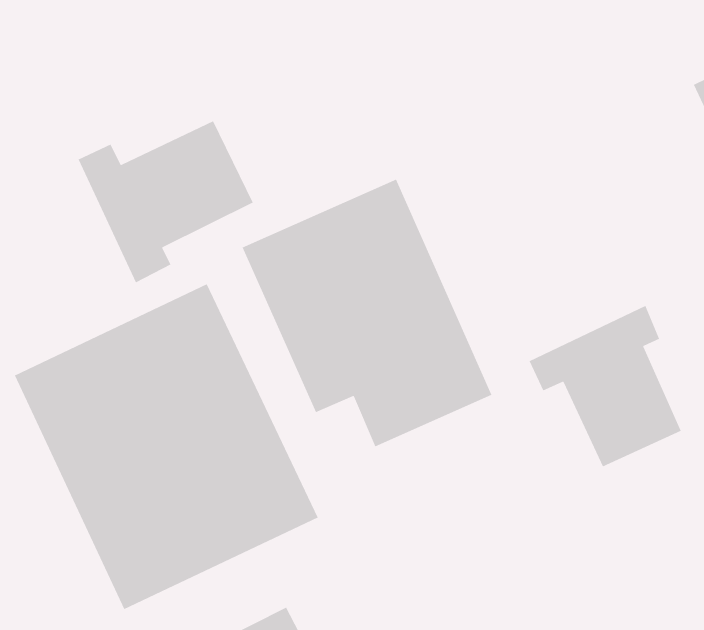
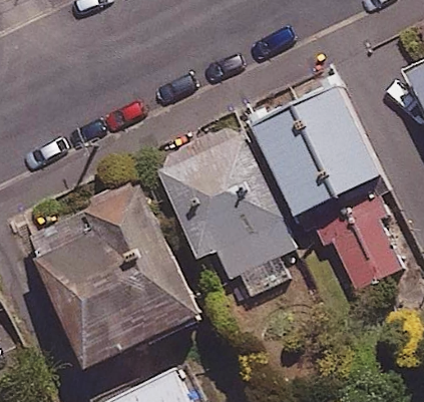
building: none -> [253,86,380,216]
building: [77,120,254,284] -> none

